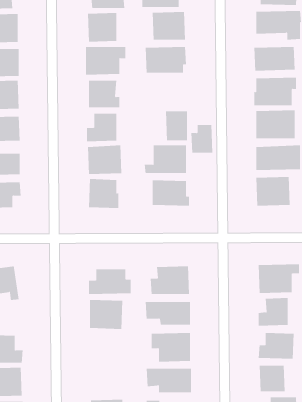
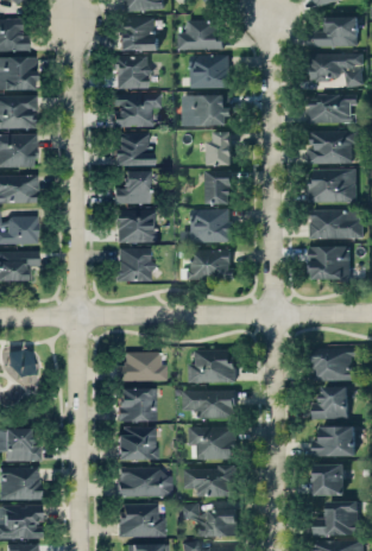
building: [191,124,213,153] -> [207,132,233,165]
building: none -> [118,428,157,461]
building: none -> [118,468,171,498]

